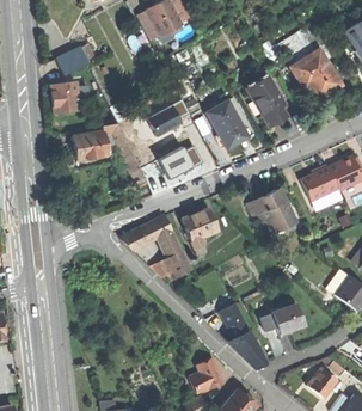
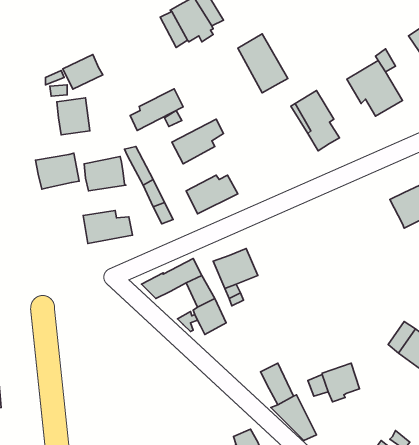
building: none -> [130,89,183,131]
building: [207,100,249,149] -> [238,34,288,93]
building: none -> [36,153,79,189]
building: [301,167,339,201] -> none
building: none -> [83,210,132,244]
building: [249,189,296,231] -> none

